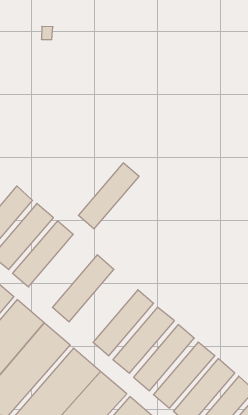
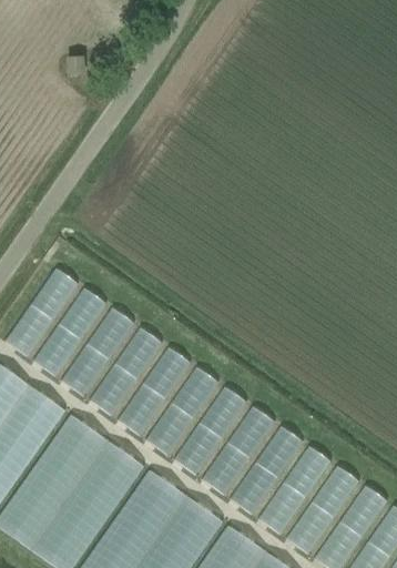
building: [78,163,139,229] -> [89,328,162,417]
building: none -> [145,367,218,457]

